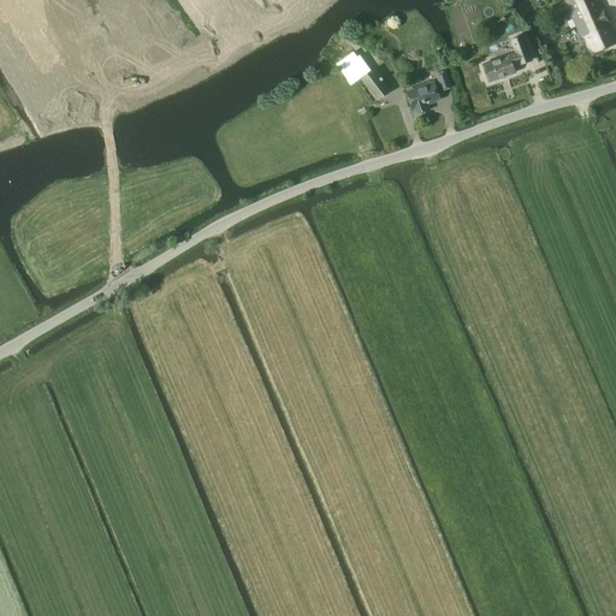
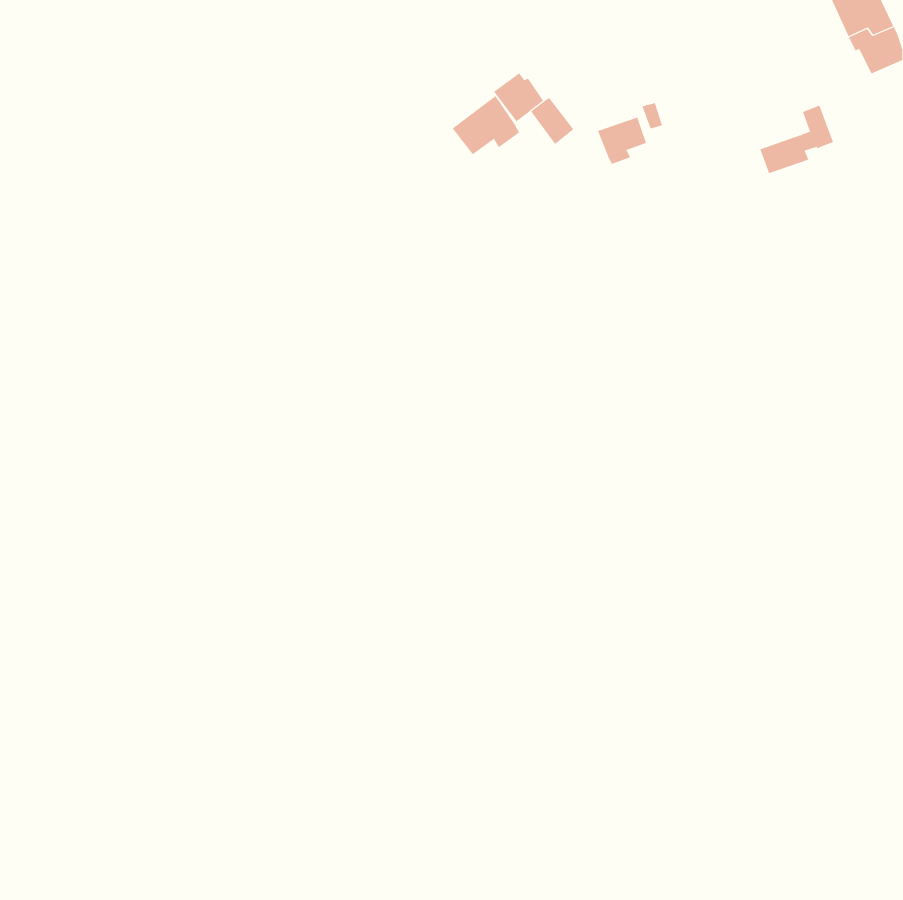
building: [482,32,533,79] -> [760,105,834,174]
building: none -> [452,95,520,155]

